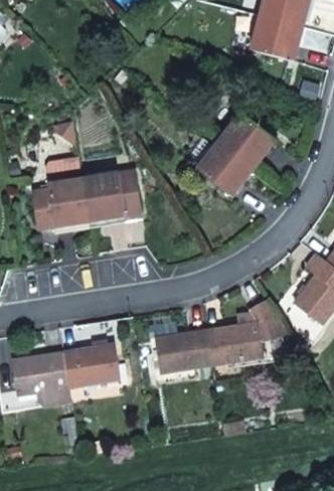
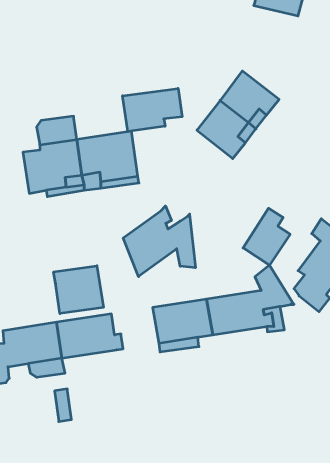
building: none -> [123,88,182,132]
building: none -> [123,206,195,277]
building: none -> [243,208,290,265]
building: none -> [54,266,103,314]

